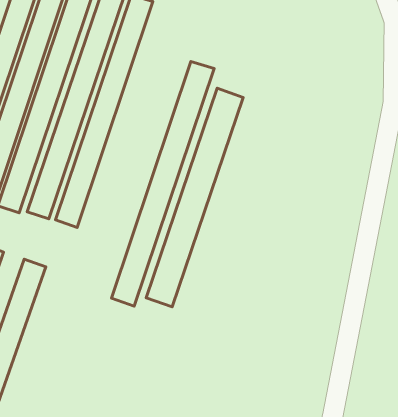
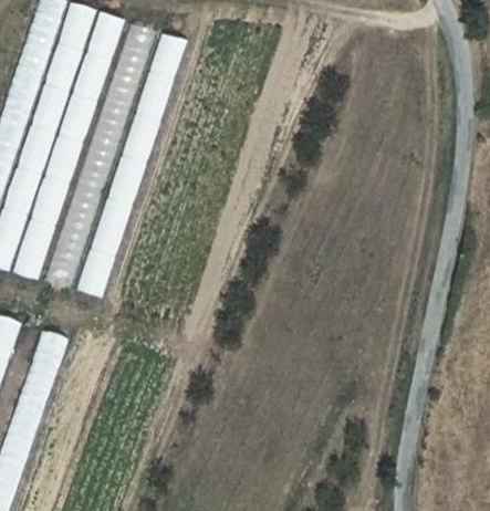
building: [111,61,214,306] -> none
building: [146,88,243,307] -> none

